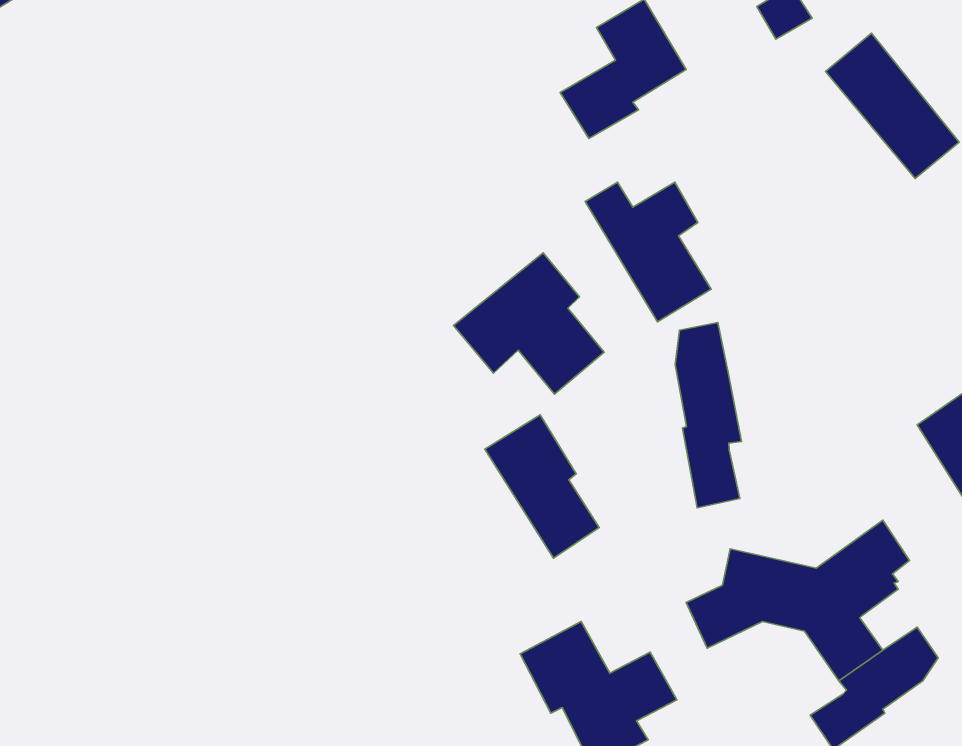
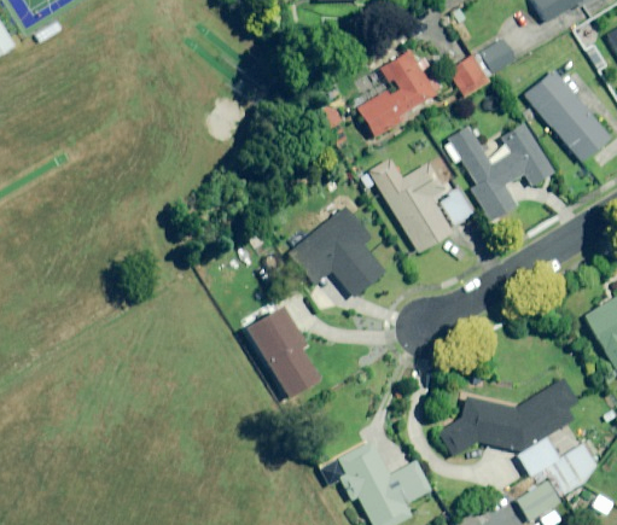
building: none -> [449,54,489,95]
building: none -> [443,123,553,220]
building: none -> [442,191,473,224]
building: [675,322,742,508] -> none
building: [485,415,599,558] -> [245,307,318,397]

